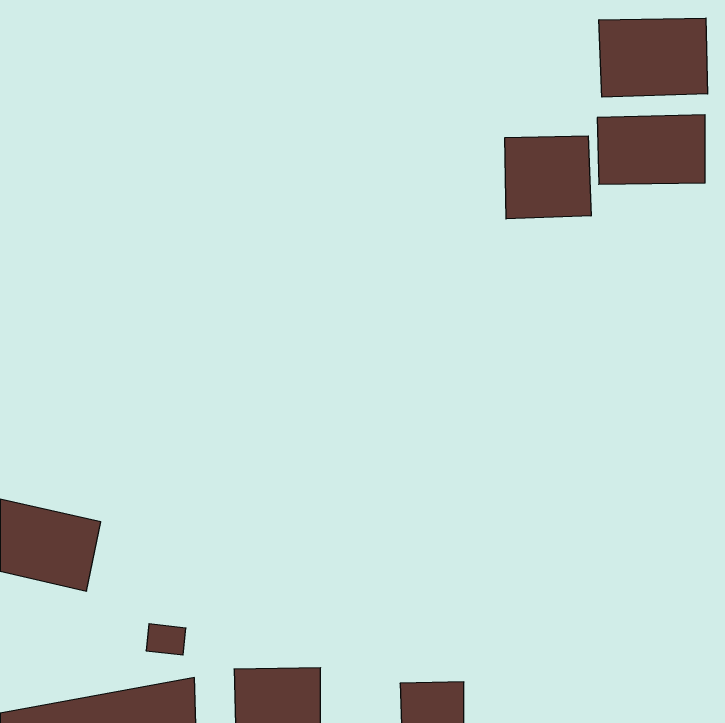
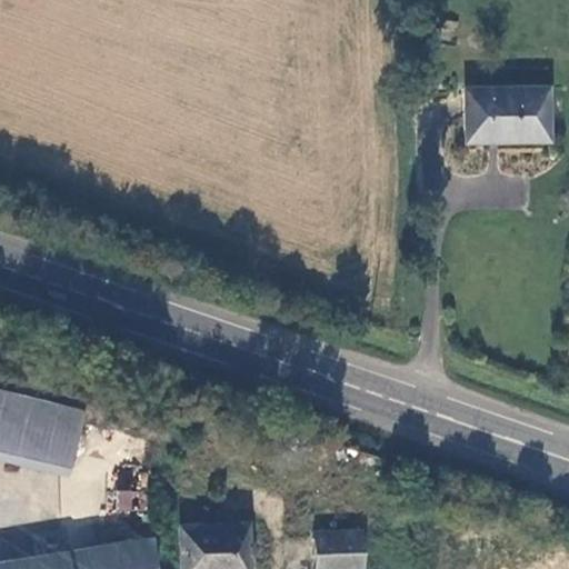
building: [599,18,708,97] -> none
building: [505,136,591,219] -> none

